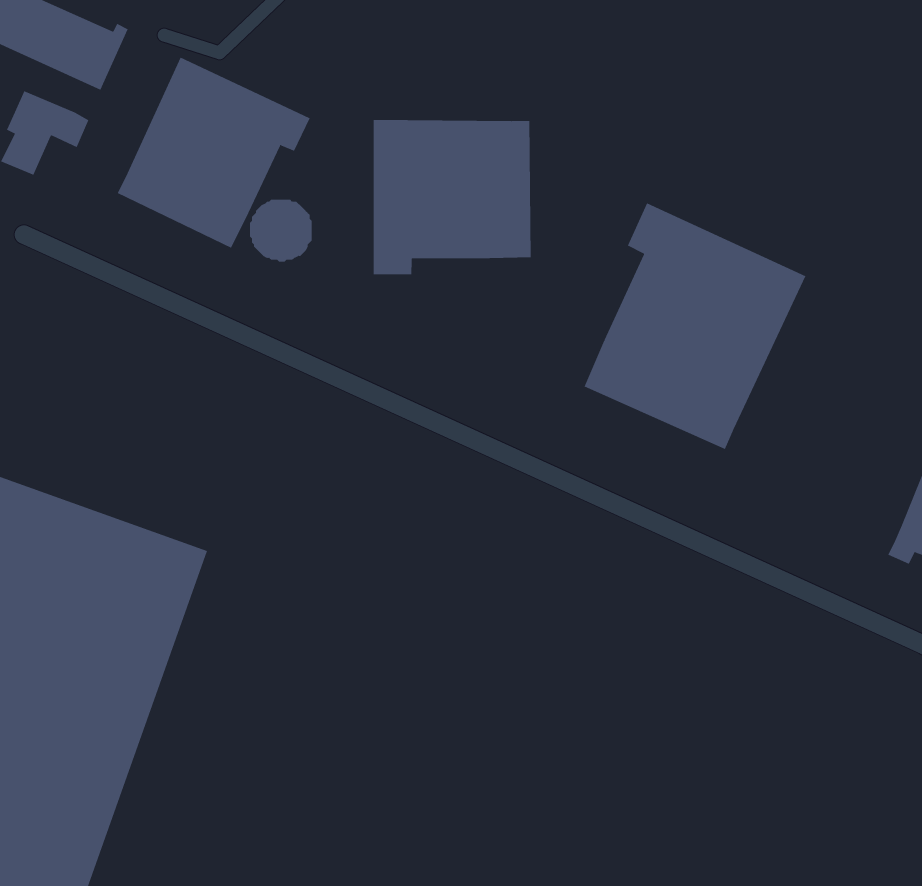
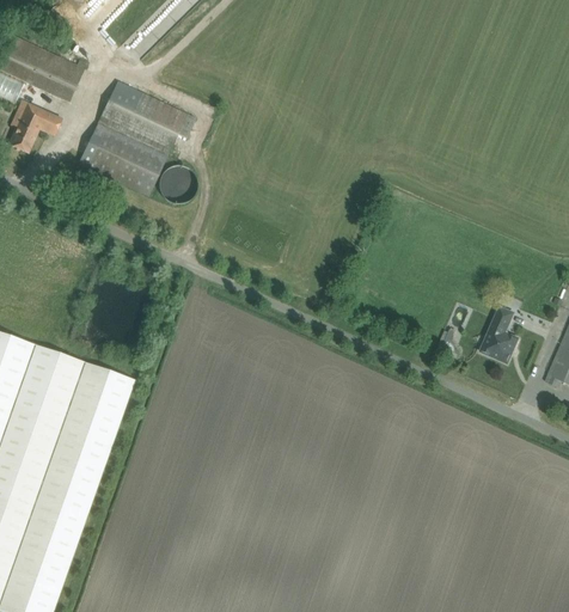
building: [373,119,531,275] -> none
building: [584,203,806,450] -> none
building: none -> [481,305,519,361]

